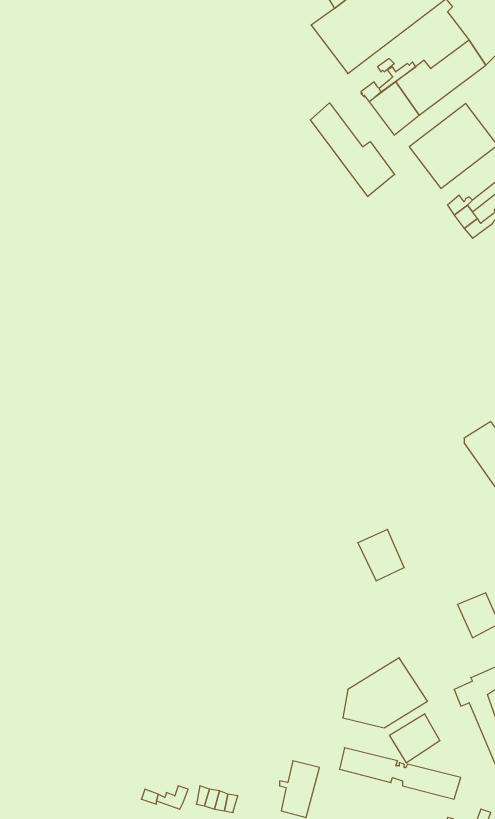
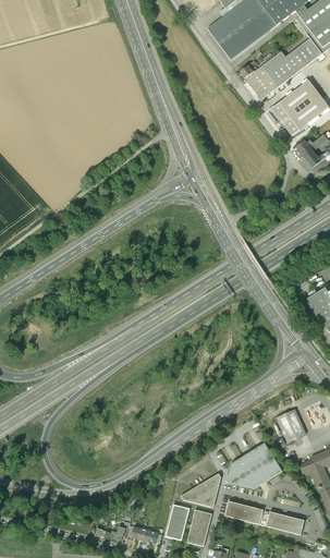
building: [310,103,395,197] -> none
building: [358,529,404,581] -> [276,409,306,442]
building: none -> [182,474,221,508]
building: [390,714,440,763] -> none
building: none -> [166,505,191,541]

